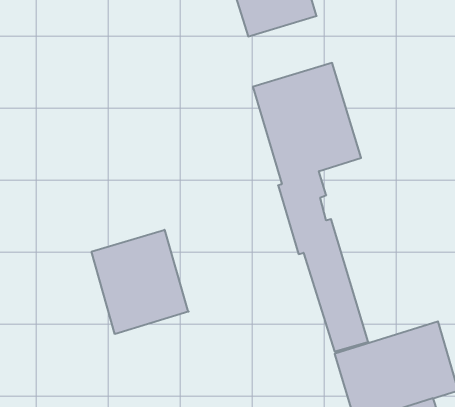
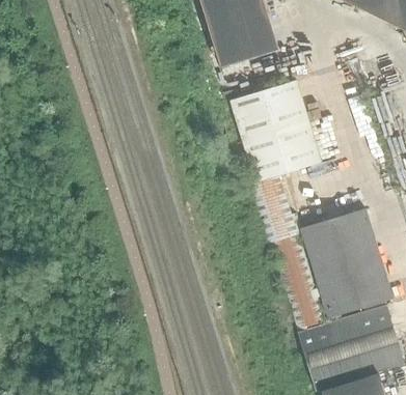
building: none -> [299,216,390,327]
building: [92,230,189,334] -> none

